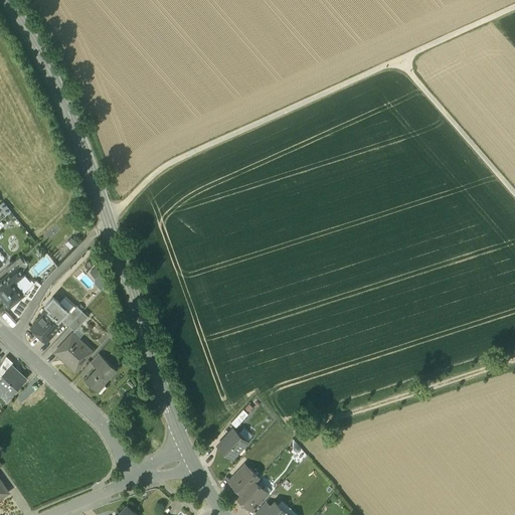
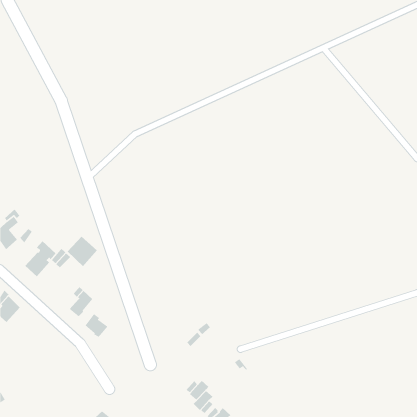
building: [53,333,92,371] -> [67,236,98,267]
building: none -> [84,313,108,338]
building: [218,430,246,457] -> none

